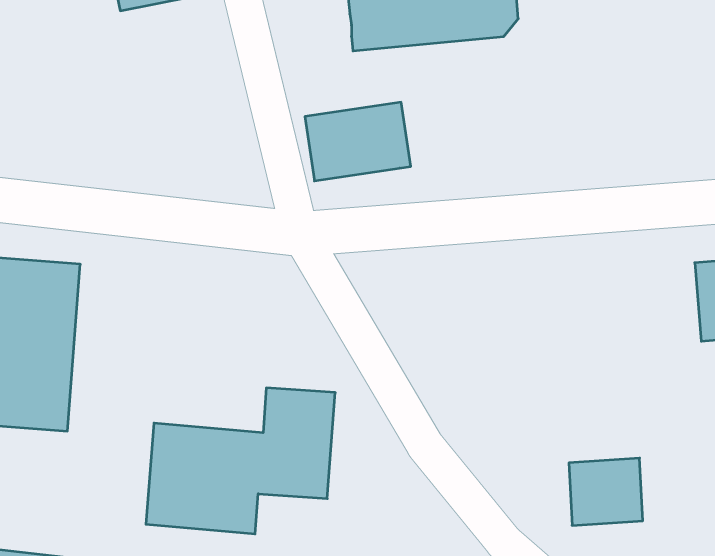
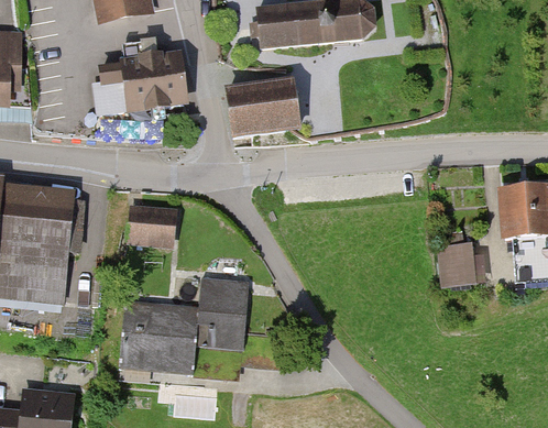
building: none -> [95,40,185,111]
building: none -> [125,205,176,255]
building: [569,458,643,525] -> [439,242,490,288]

